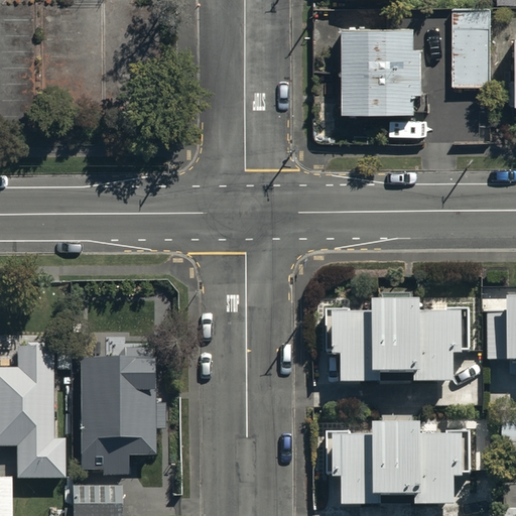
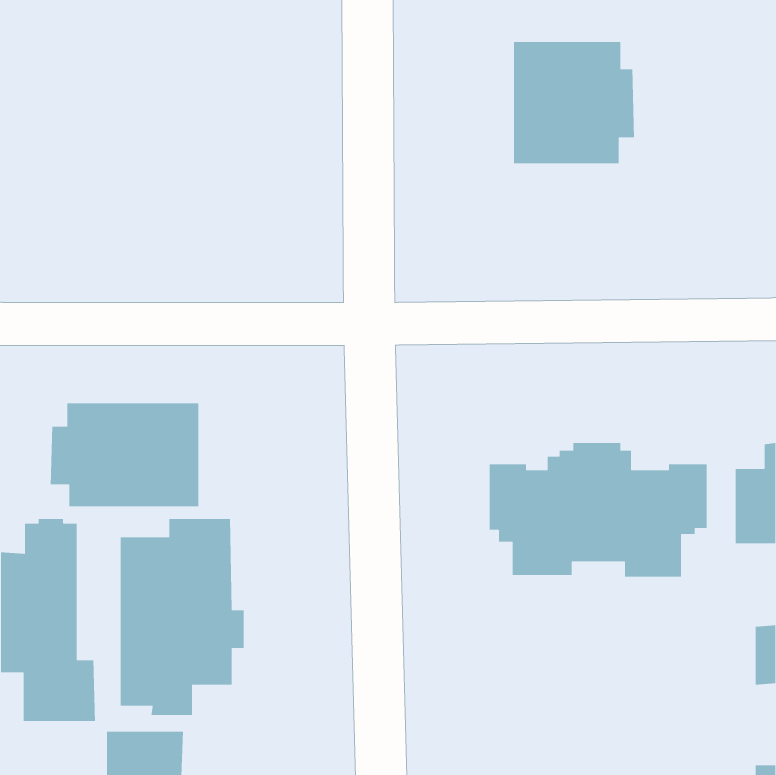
building: [452,6,491,88] -> none
building: none -> [50,403,199,507]
building: [326,418,490,505] -> none

